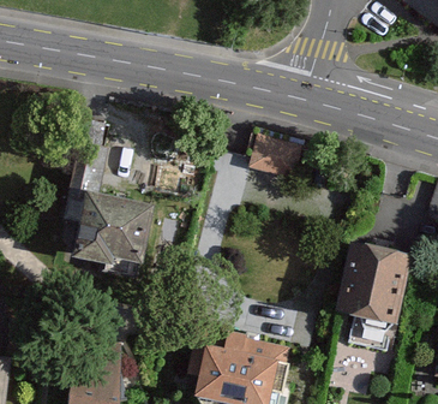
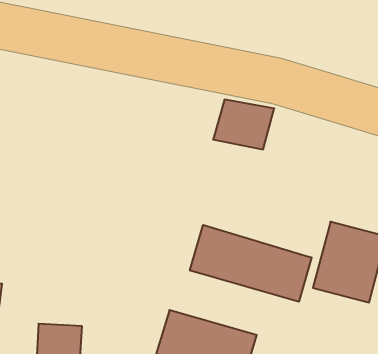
building: [70,149,148,266] -> none
building: none -> [190,225,312,302]

